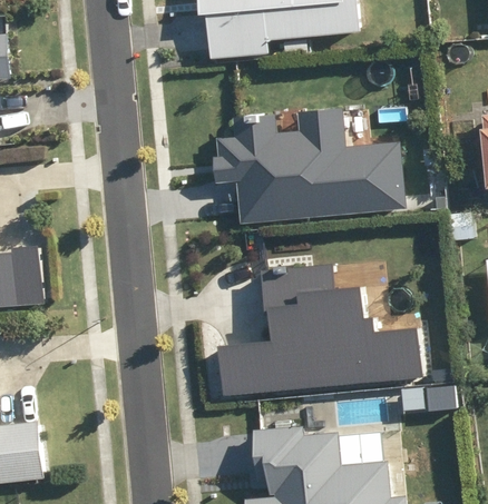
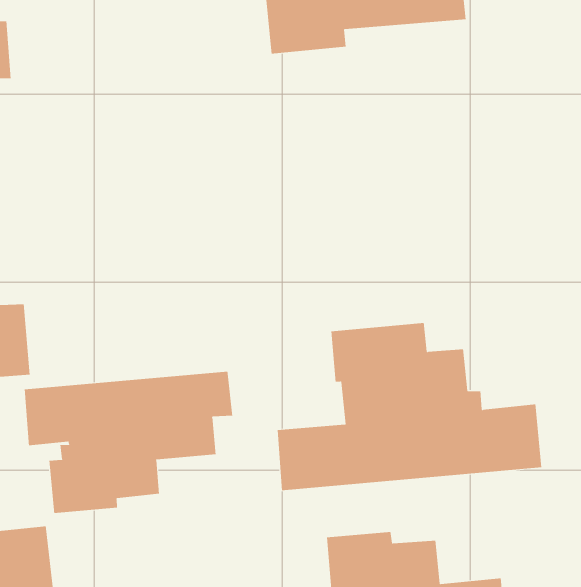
building: [214,108,407,224] -> none
building: none -> [24,371,233,514]

